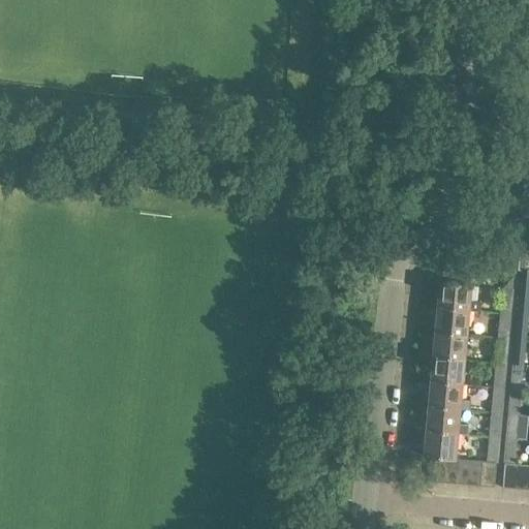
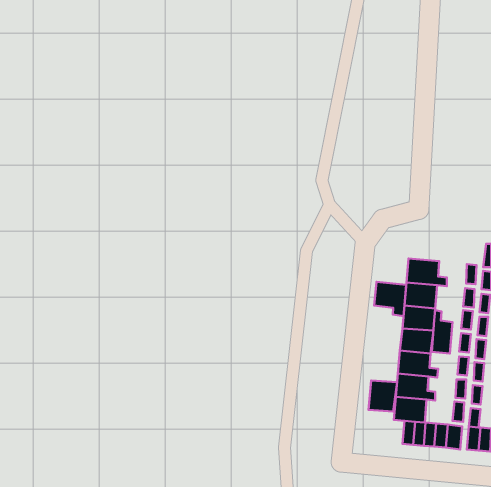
building: none -> [374,282,406,316]
building: none -> [432,310,452,354]
building: none -> [368,381,397,411]

